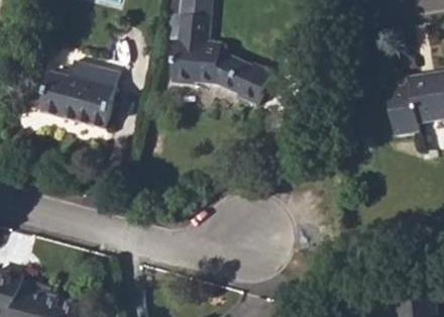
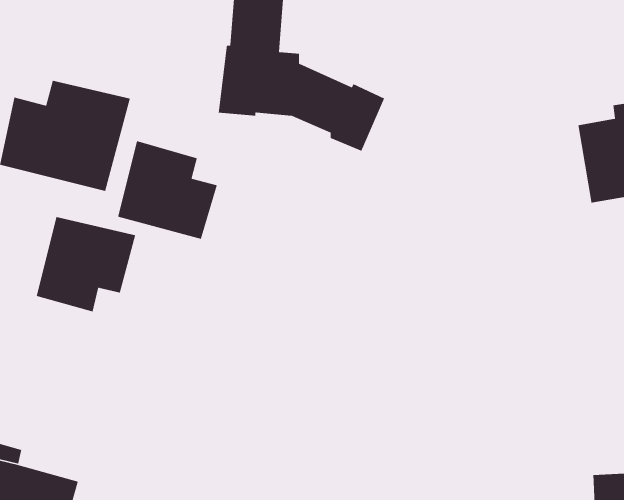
building: none -> [117,140,218,240]
building: none -> [36,216,136,312]

